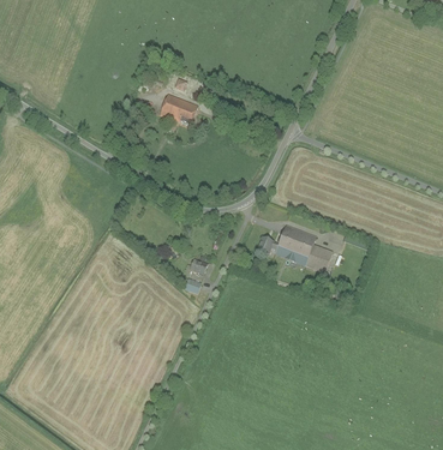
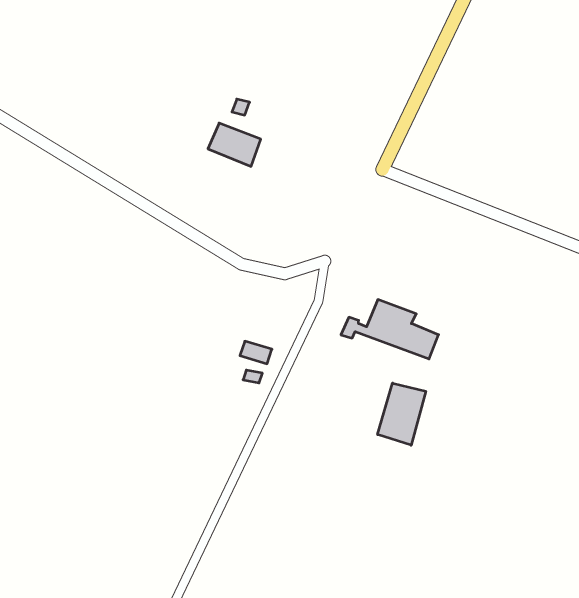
building: none -> [378,383,426,445]

